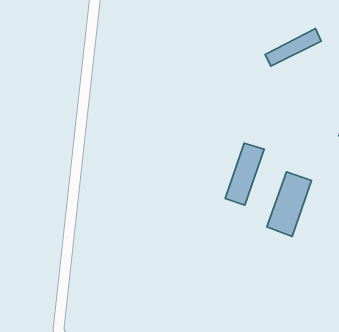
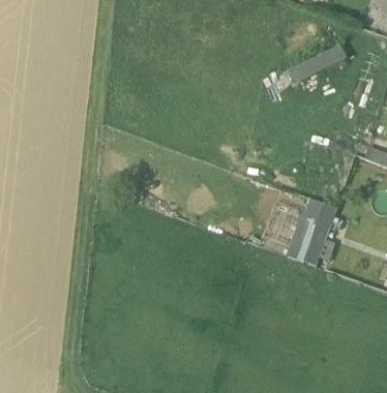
building: [225,143,264,205] -> none

